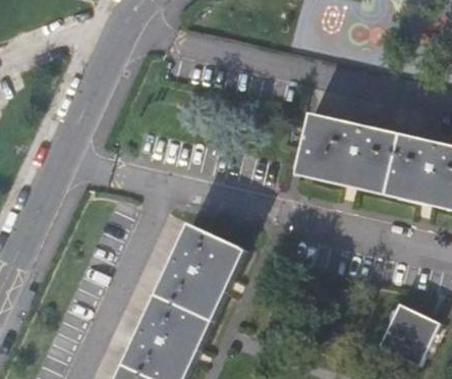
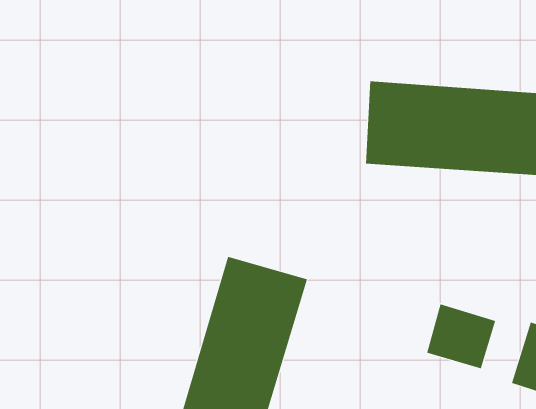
building: none -> [426,304,496,369]

